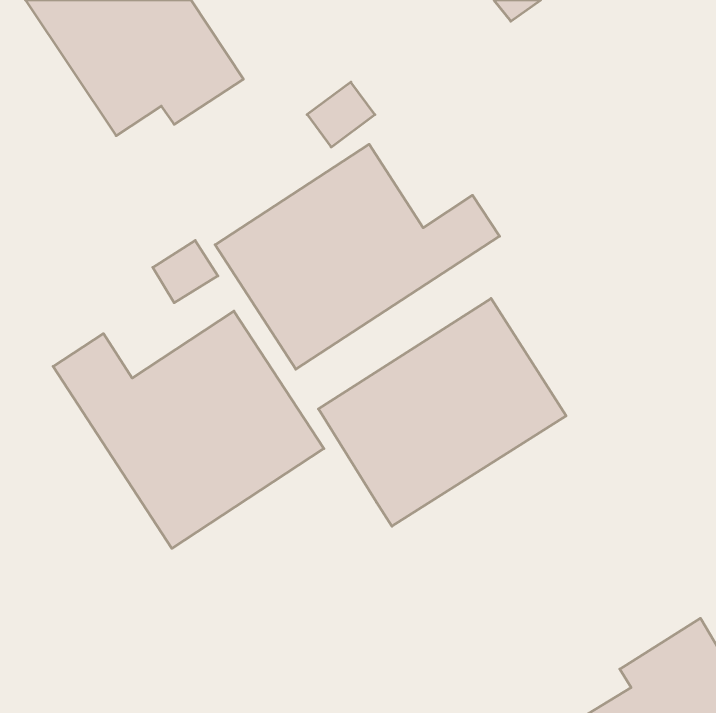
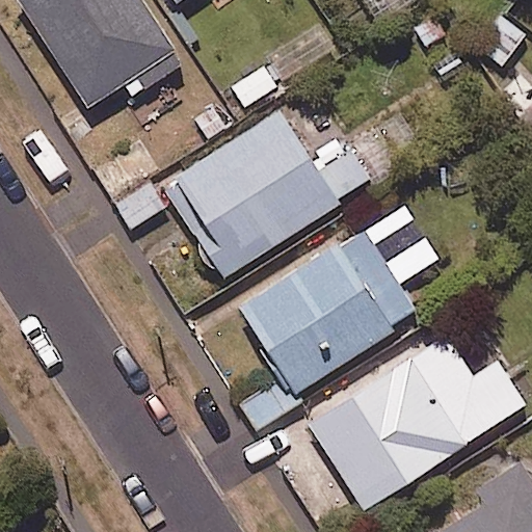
building: [53,311,324,548] -> none
building: none -> [304,336,526,511]

